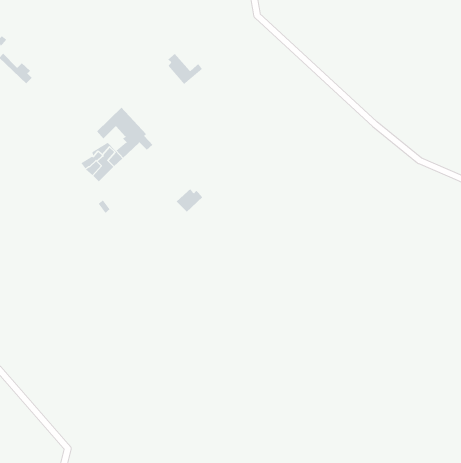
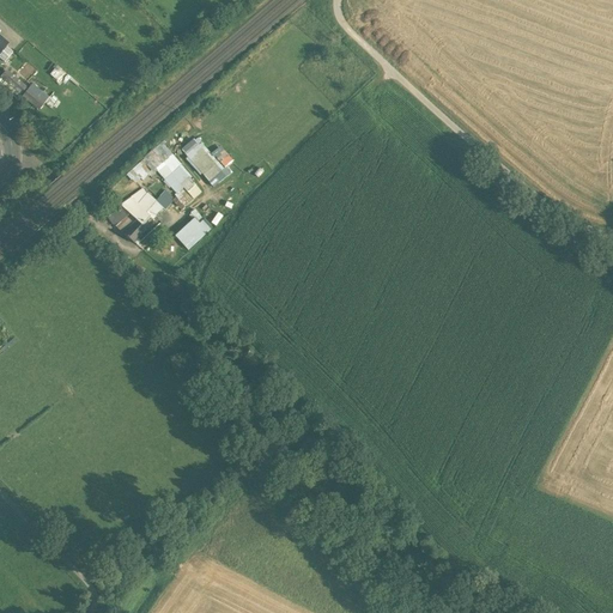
building: [168,53,203,85] -> [187,140,233,182]
building: [176,188,203,212] -> [174,217,210,249]

